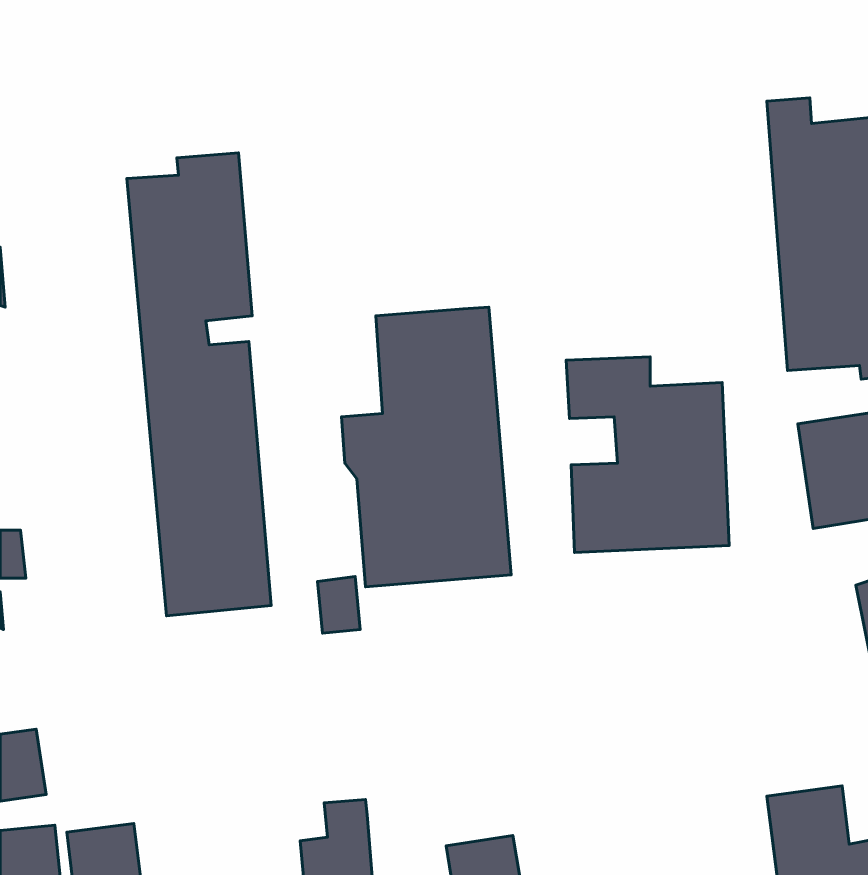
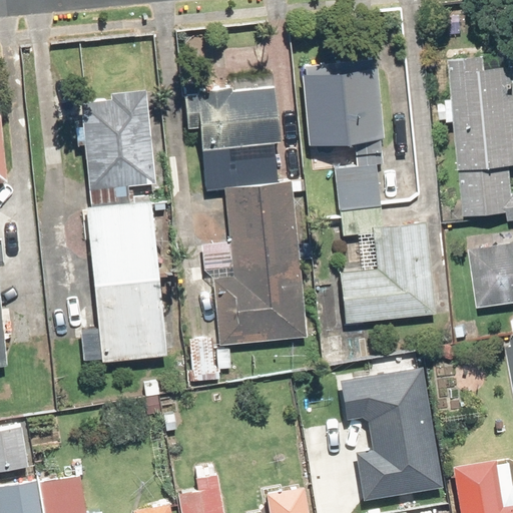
building: none -> [302,62,385,211]
building: none -> [185,86,283,186]
building: none -> [340,367,442,500]

